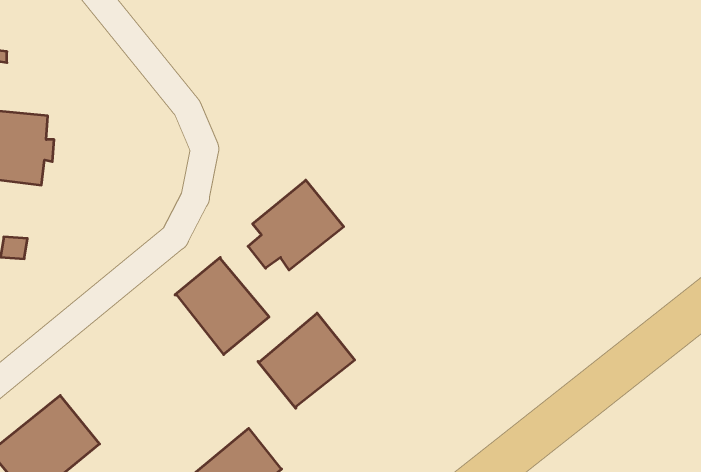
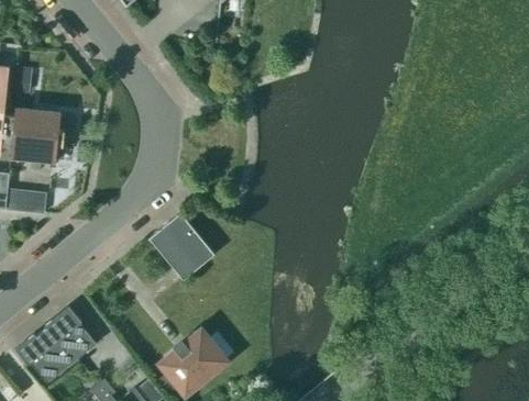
building: [248,180,344,270] -> none
building: [258,313,355,408] -> none

